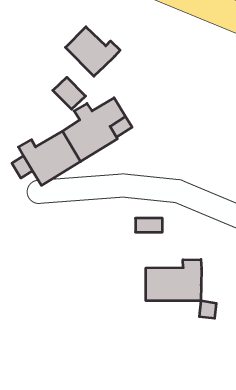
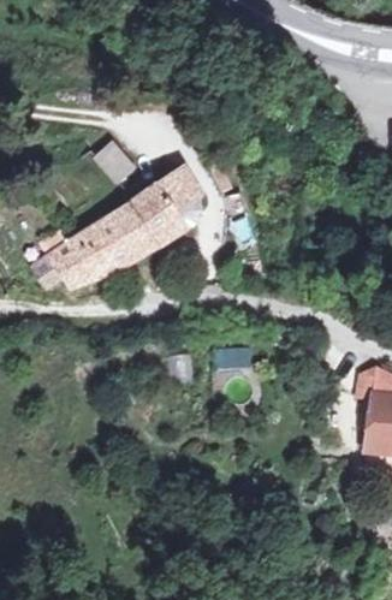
building: [65,27,120,76] -> none
building: [146,259,201,301] -> none

